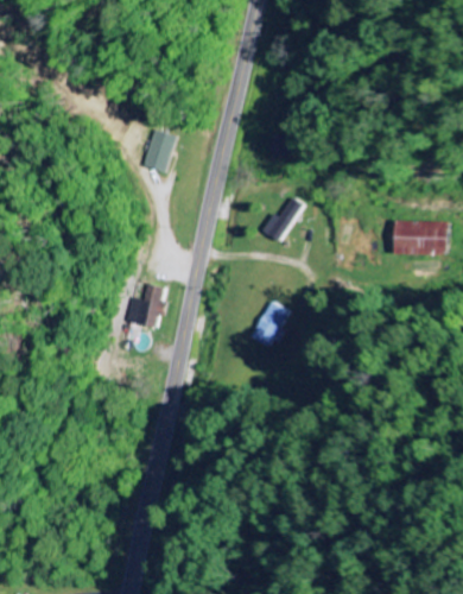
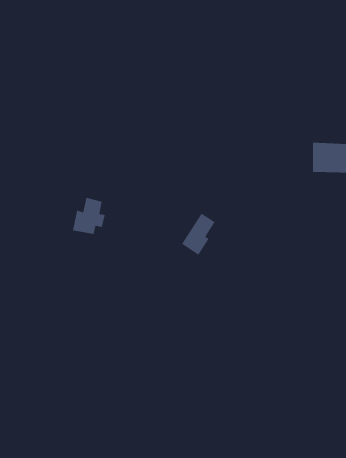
building: [141,131,175,172] -> none
building: [264,197,305,241] -> none

